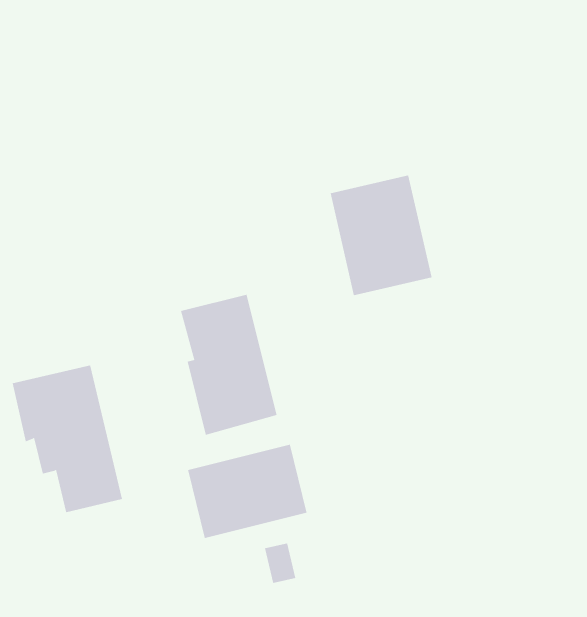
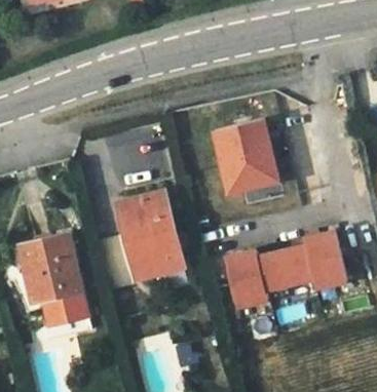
building: none -> [224,233,344,308]
building: [188,444,307,539] -> none

